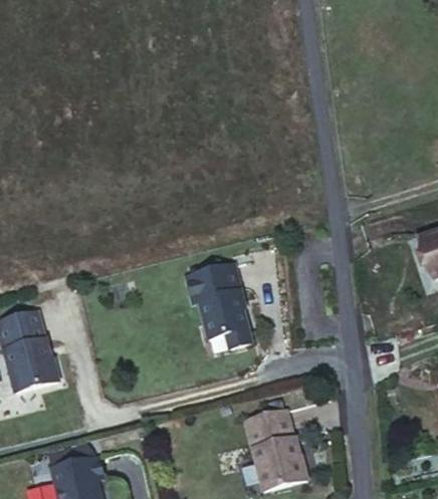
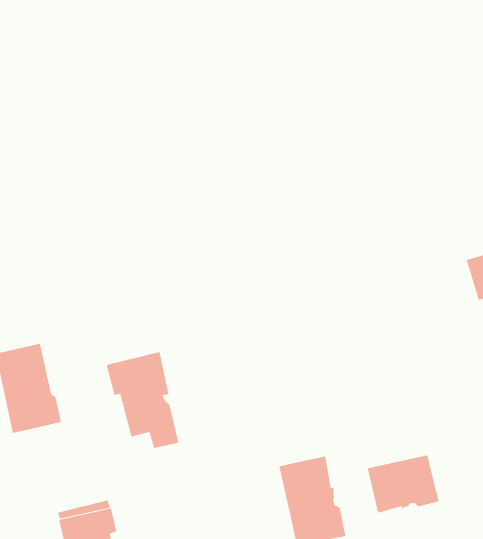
building: [187,261,252,347] -> [106,351,179,448]
building: none -> [367,454,439,513]

